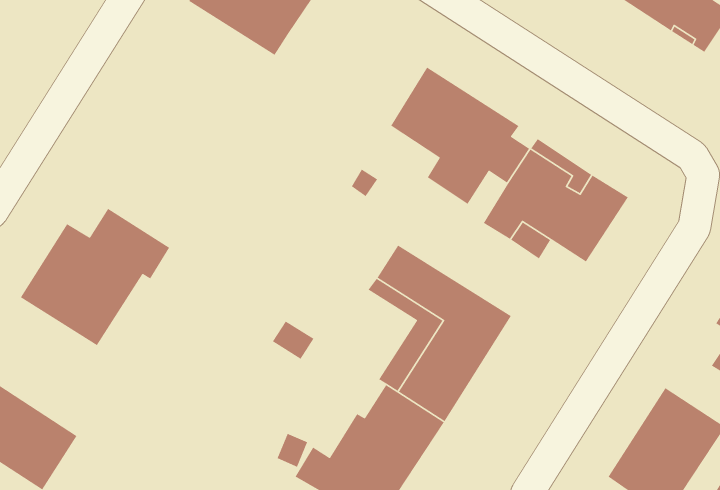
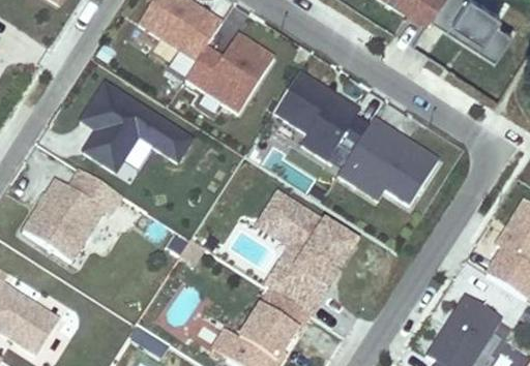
building: none -> [184,34,277,117]
building: none -> [75,77,195,175]

